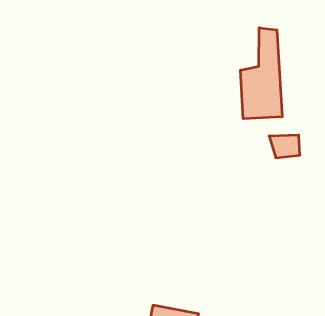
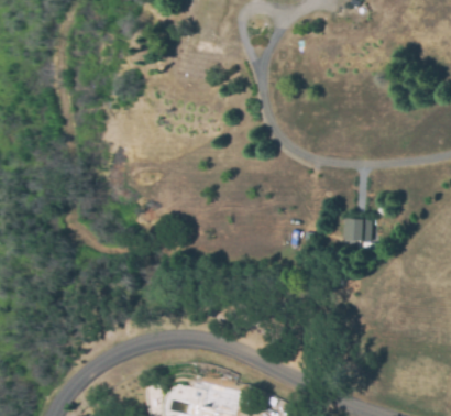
building: [241,28,282,119] -> none

